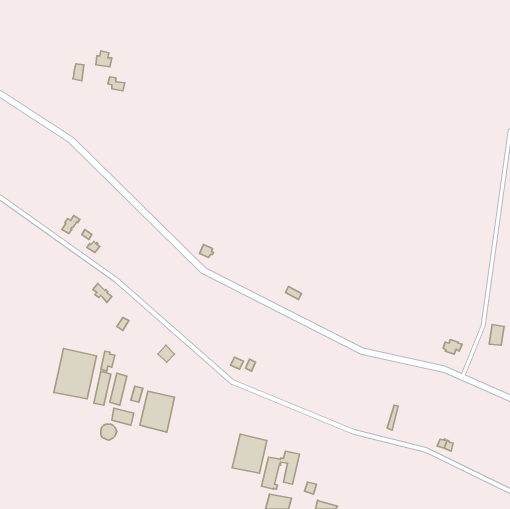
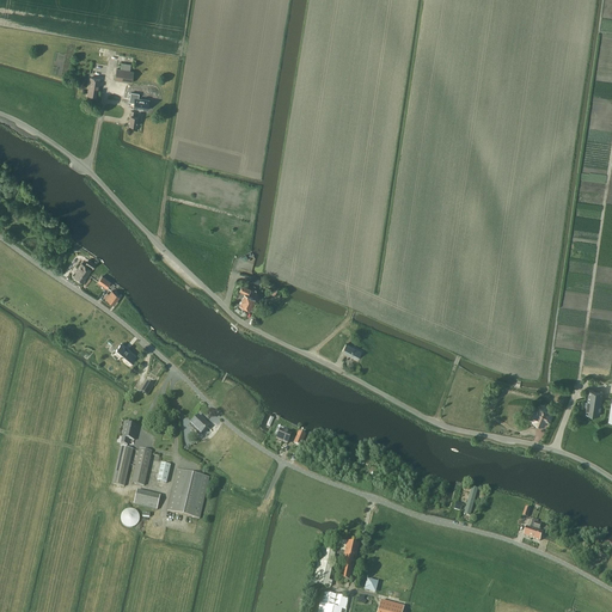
building: [54,348,96,399] -> none
building: [232,434,267,473] -> none

